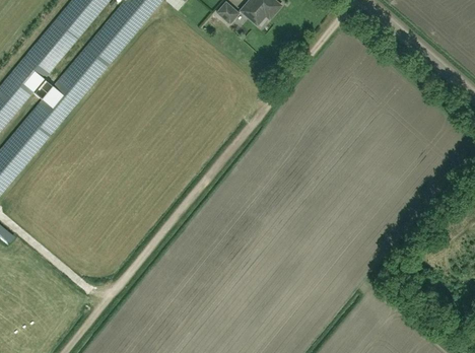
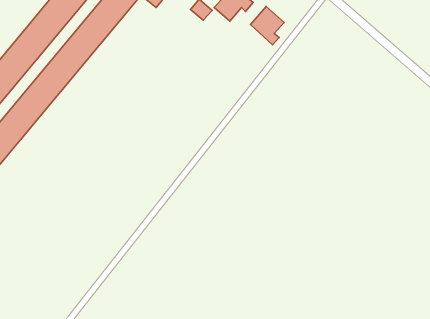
building: none -> [250,6,284,45]

